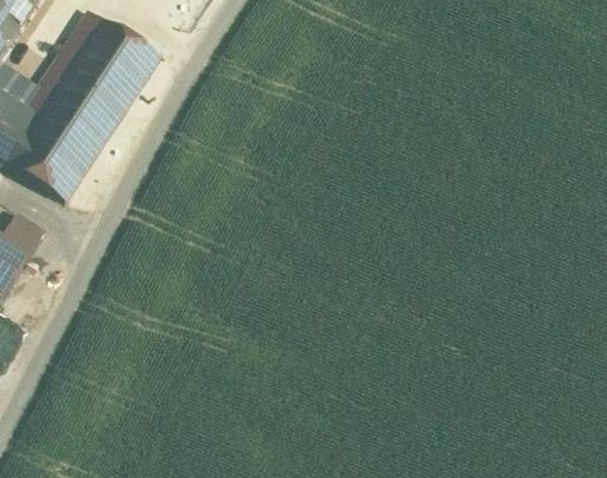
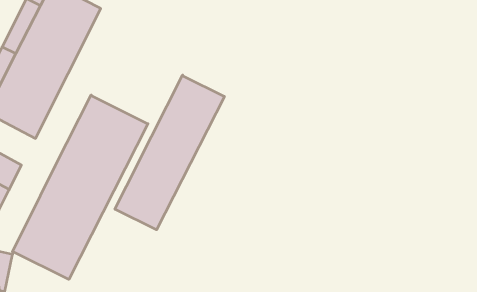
building: none -> [115,75,224,230]
building: none -> [12,95,148,279]

